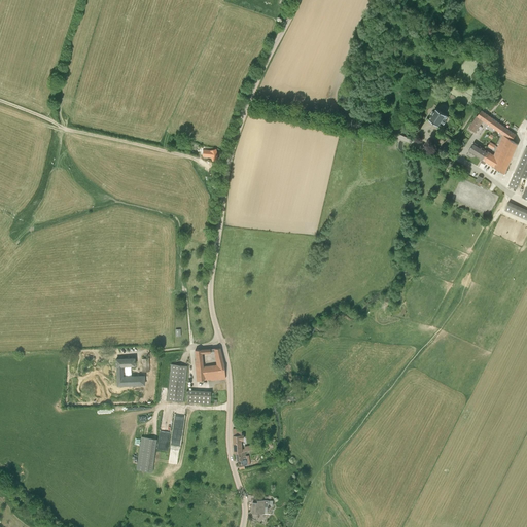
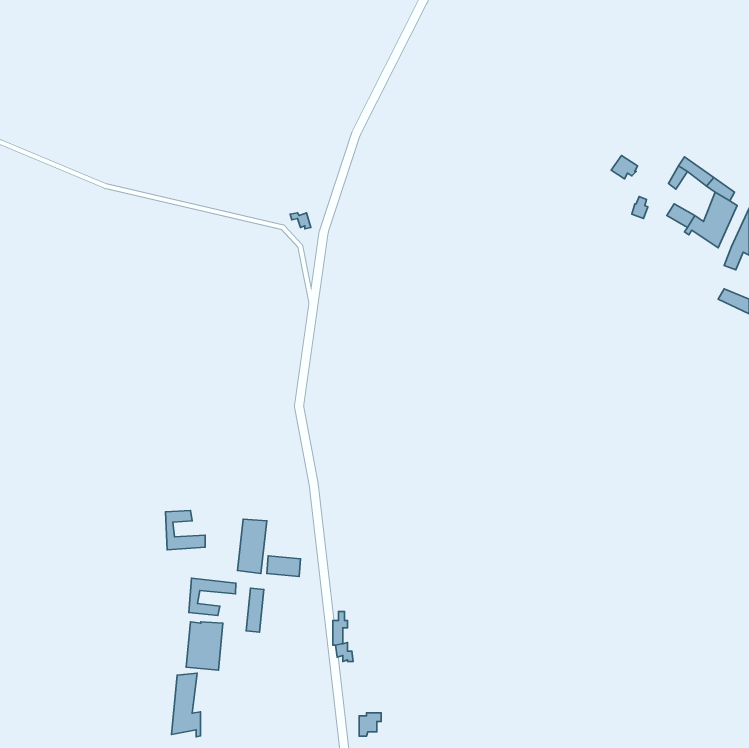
building: [195,349,225,382] -> none
building: none -> [189,578,236,615]
building: none -> [171,673,201,737]

